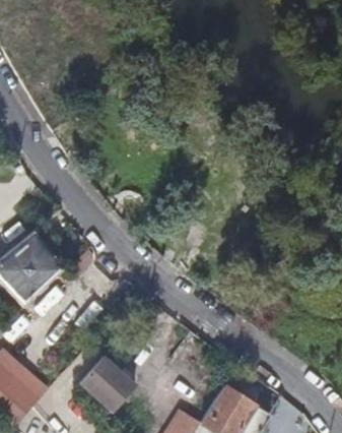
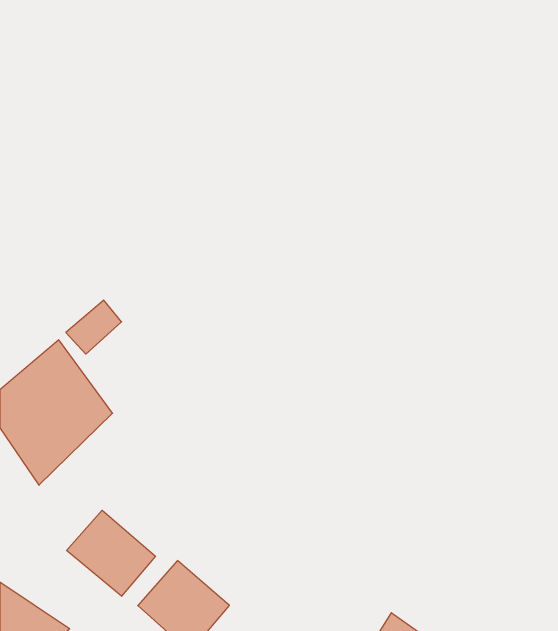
building: none -> [67,510,155,596]

